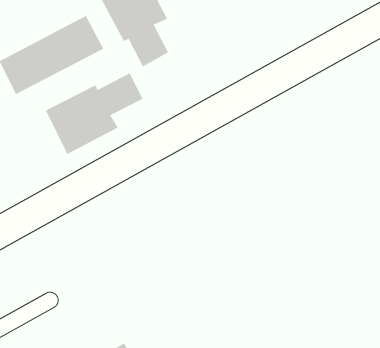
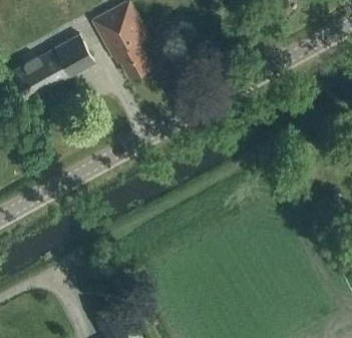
building: [45,72,143,155] -> none

